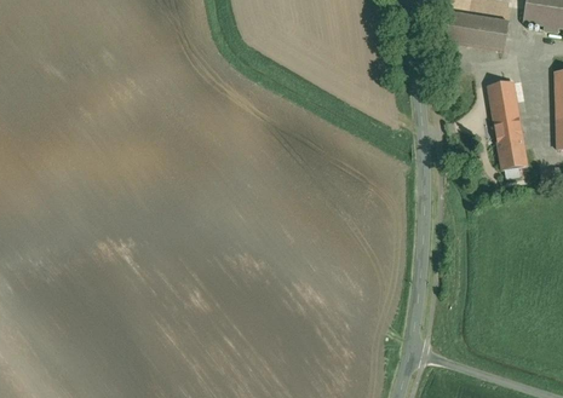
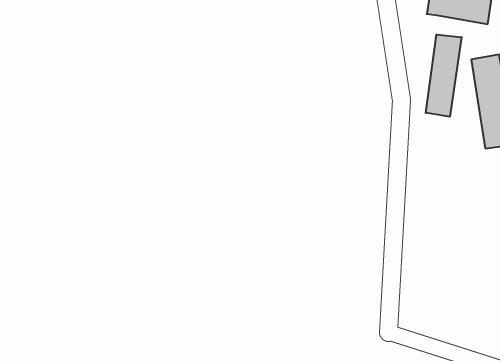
building: none -> [426,34,462,117]

